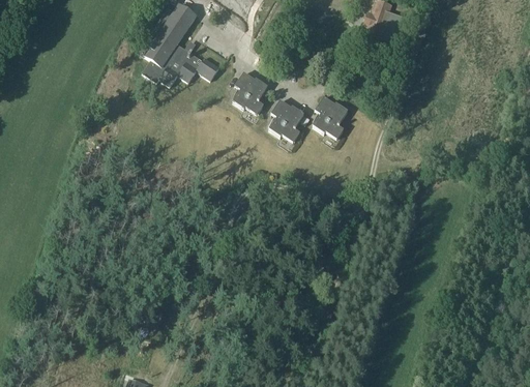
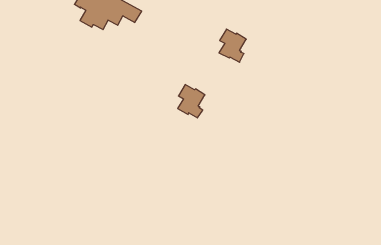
building: [233,72,268,115] -> none
building: [269,99,304,142] -> [178,85,205,118]

